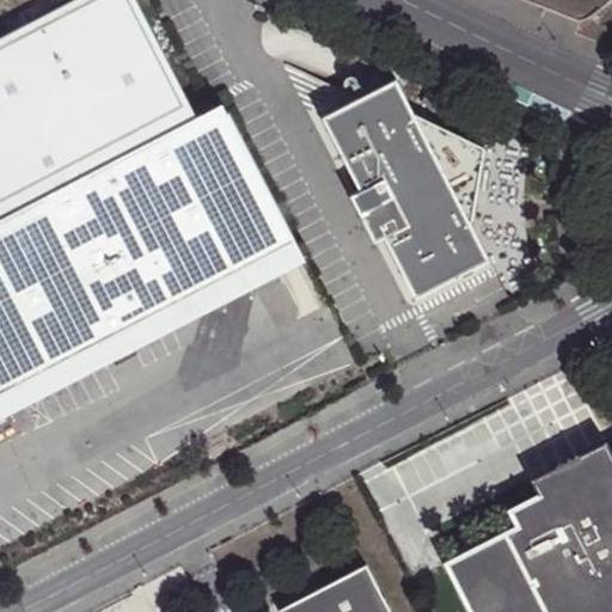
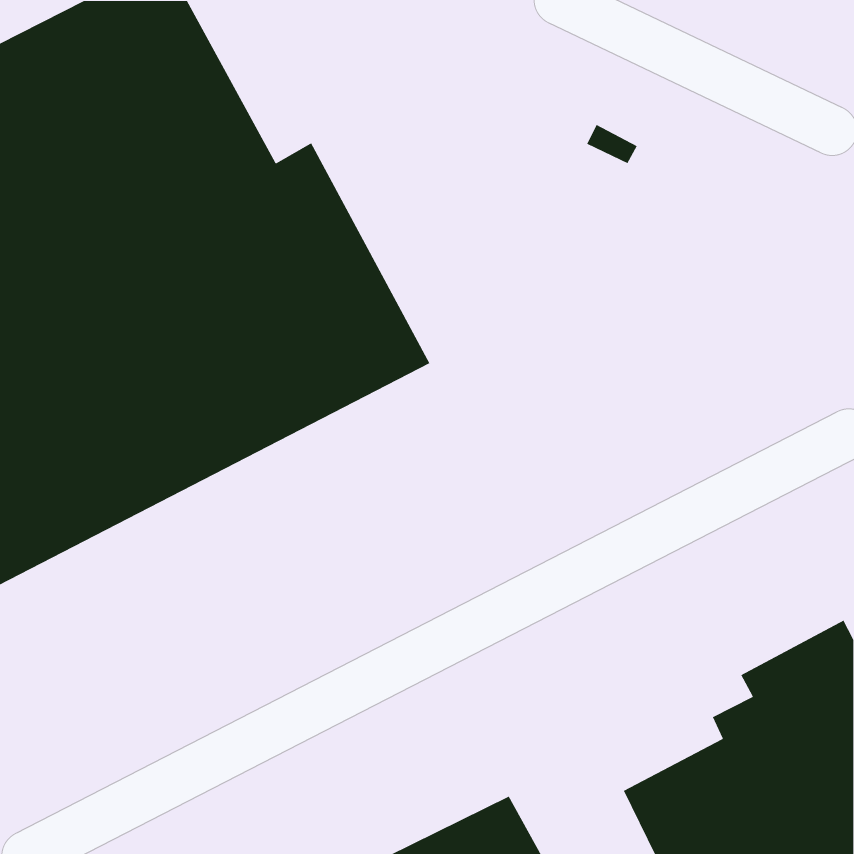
building: [322,80,489,299] -> none

